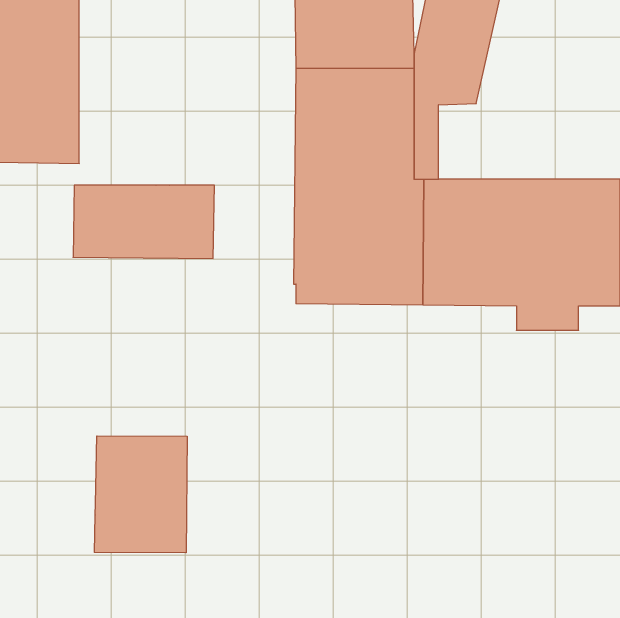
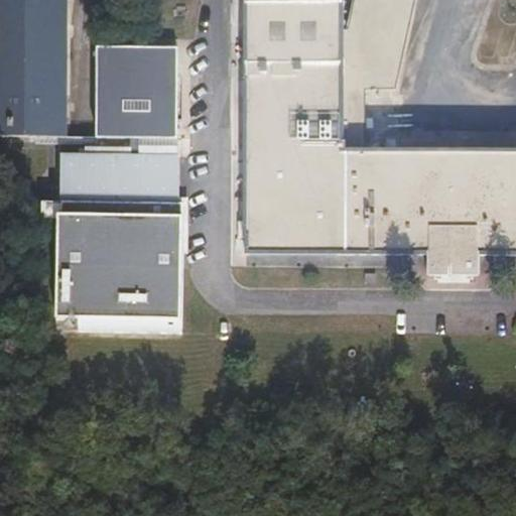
building: none -> [97,45,176,153]
building: none -> [56,213,183,319]
building: [94,436,187,553] -> none

